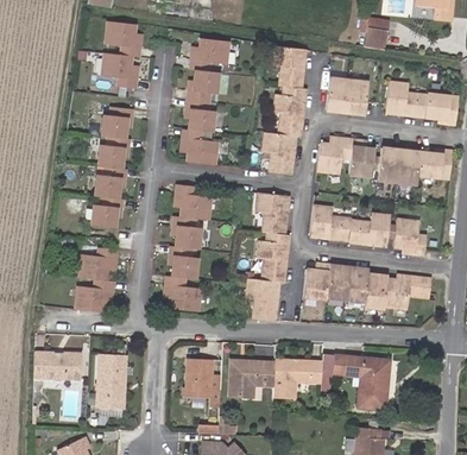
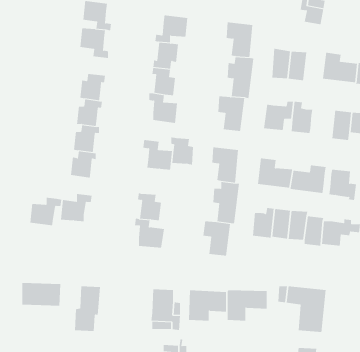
building: [377,146,399,182] -> none
building: [172,215,200,248] -> [171,137,194,165]
building: [75,278,113,311] -> [30,197,62,226]

